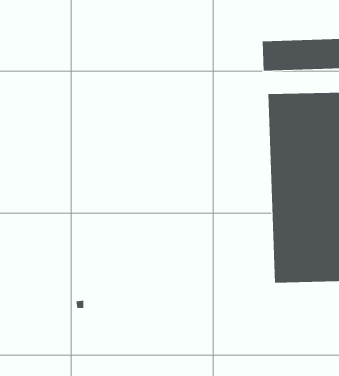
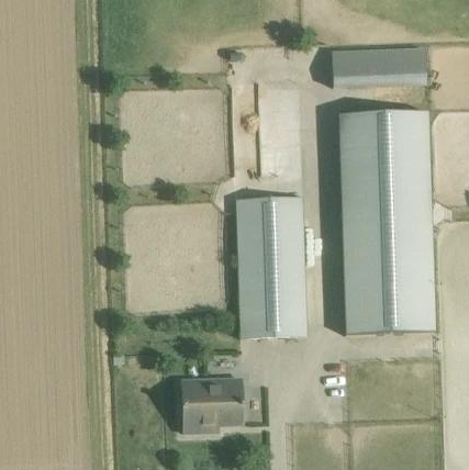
building: none -> [236,198,305,338]
building: none -> [182,377,245,432]

